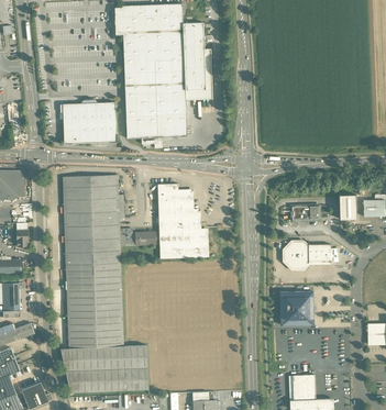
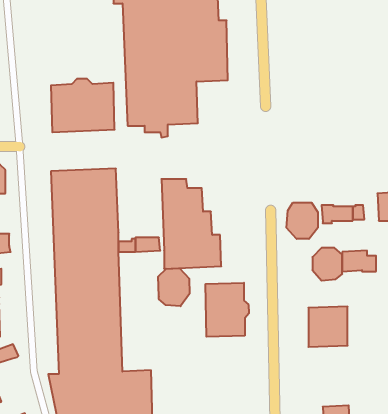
building: none -> [287,203,318,239]
building: none -> [158,268,190,306]
building: none -> [206,283,249,337]

